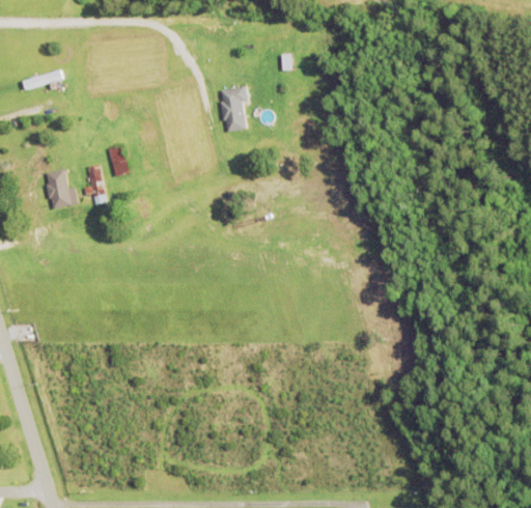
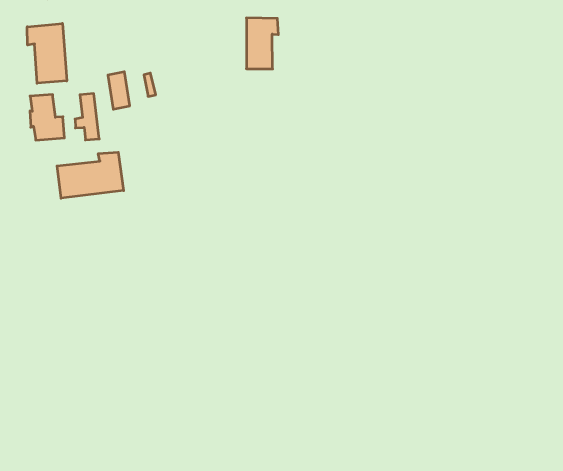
building: none -> [27,23,67,83]
building: none -> [57,152,124,198]

